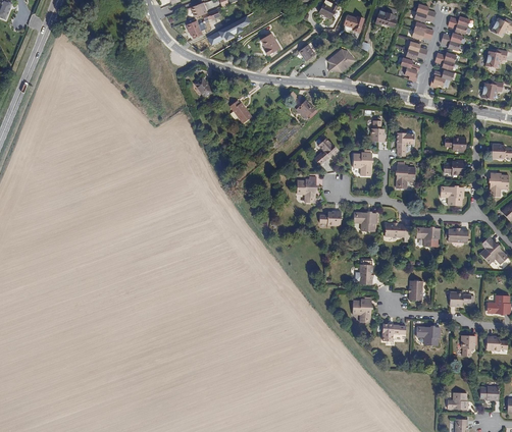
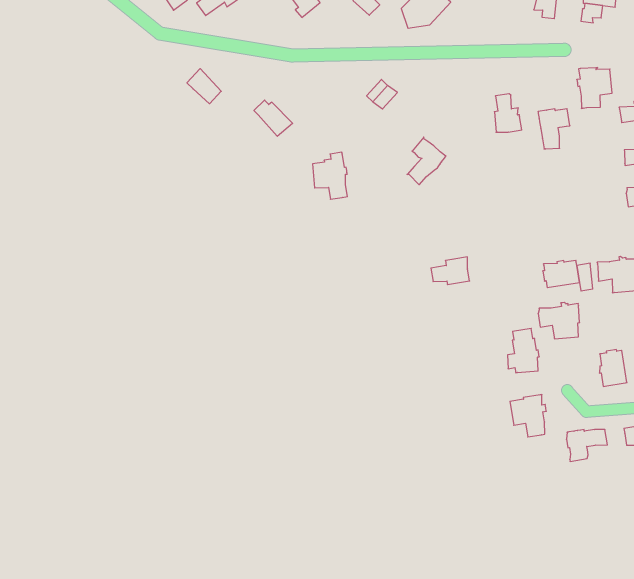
building: [352,152,372,176] -> none
building: [395,165,415,190] -> [577,68,612,108]
building: [296,176,316,203] -> [313,152,347,199]
building: [353,211,377,232] -> [538,302,580,339]

